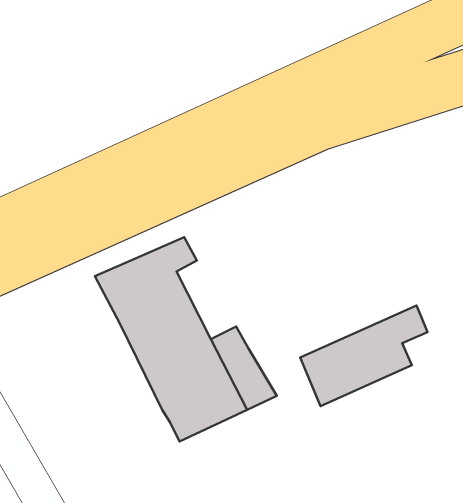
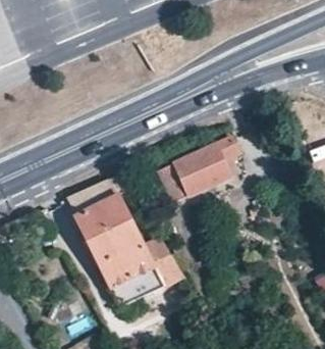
building: [300,305,427,406] -> [158,138,240,203]

